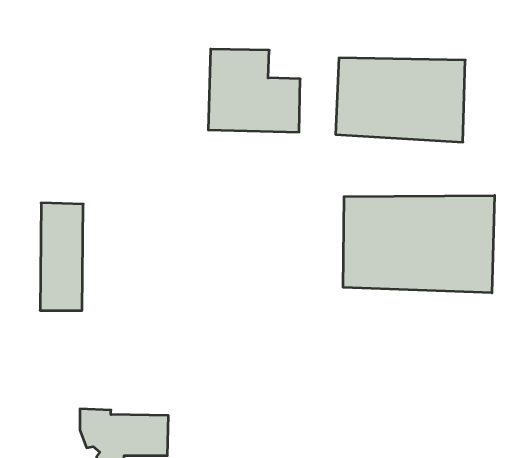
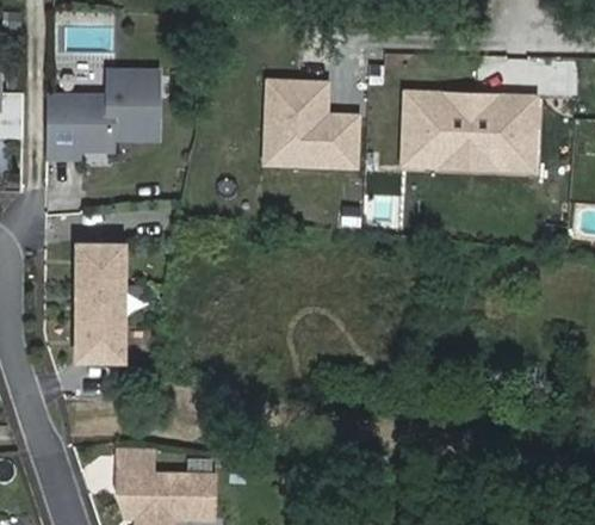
building: none -> [48,72,159,158]
building: [343,195,495,293] -> none

